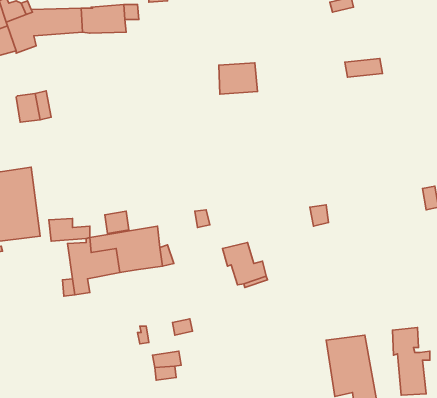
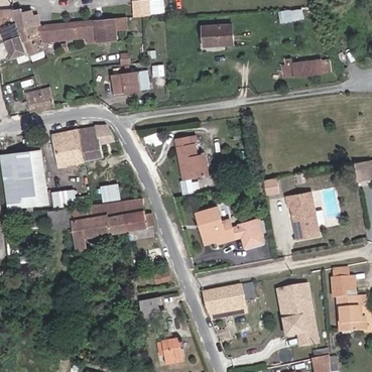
building: [219,63,257,94] -> [204,22,235,47]
building: none -> [113,70,151,94]
building: none -> [51,126,115,166]
building: none -> [175,138,206,180]
building: none -> [286,193,319,239]
building: none -> [234,219,257,249]
building: none -> [200,282,257,312]

